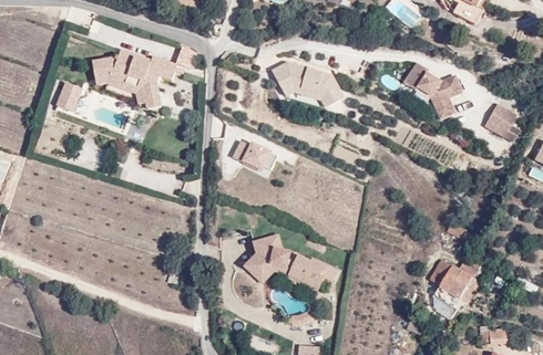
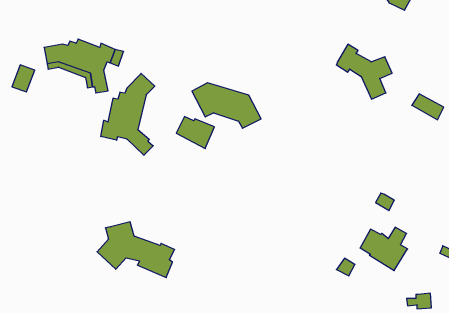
building: [272,60,346,108] -> [192,83,261,128]
building: none -> [101,73,155,155]
building: [243,233,326,293] -> [97,222,175,278]

